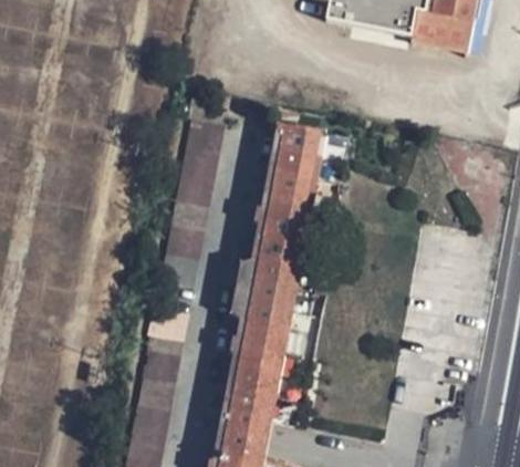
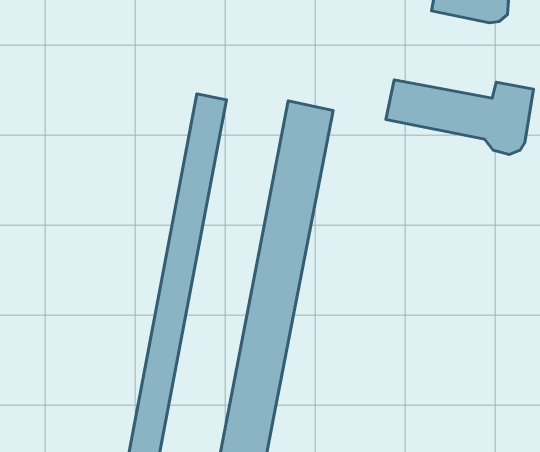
building: none -> [386,80,533,154]

